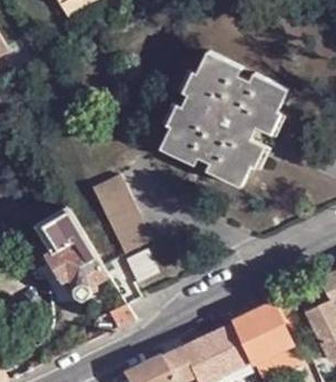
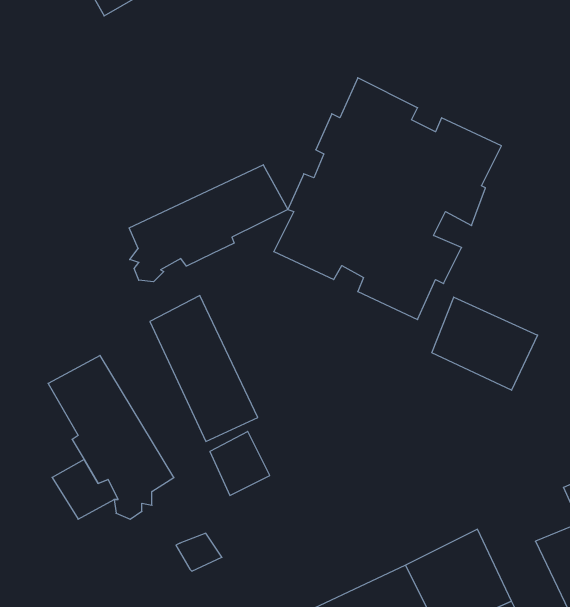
building: none -> [129,165,288,282]
building: none -> [432,297,538,390]

